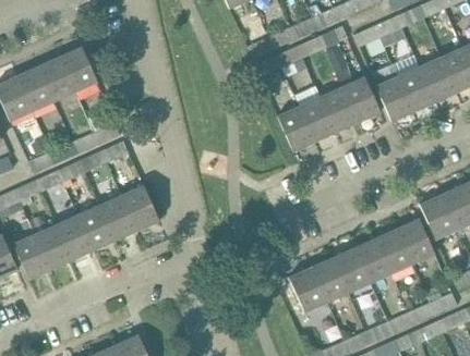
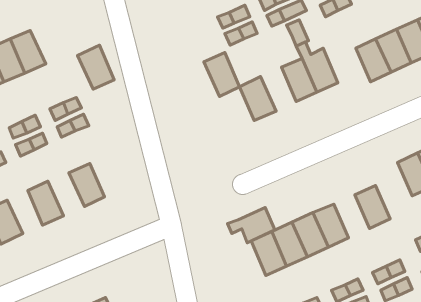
building: [59,47,97,93] -> [78,45,114,89]
building: [375,76,413,121] -> none
building: [299,96,336,142] -> [204,52,239,96]
building: [121,186,159,231] -> none
building: [419,195,457,240] -> none
building: [77,206,116,250] -> none
building: [35,224,72,269] -> none
building: [375,229,412,273] -> none
building: none -> [228,208,275,243]

